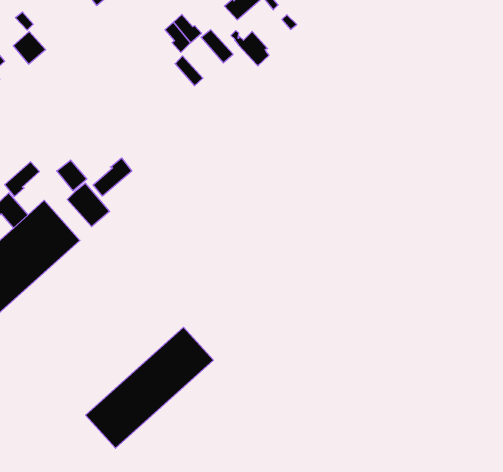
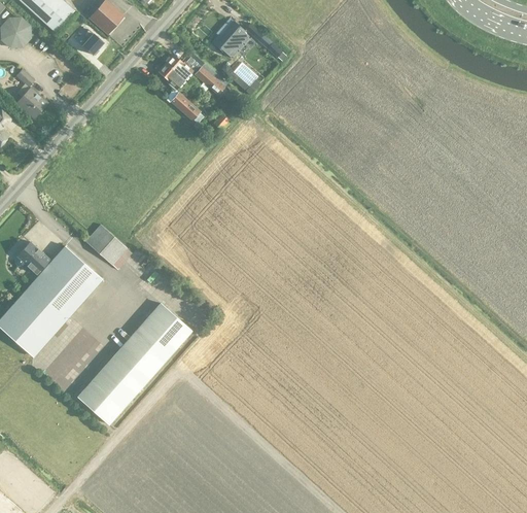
building: [93,158,132,196] -> none
building: [57,160,87,191] -> none
building: [5,162,39,196] -> none
building: [86,327,213,448] -> [77,303,191,424]

